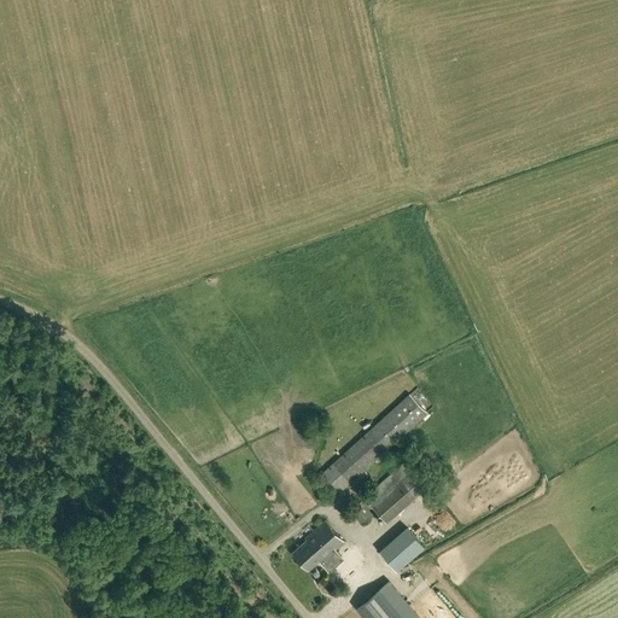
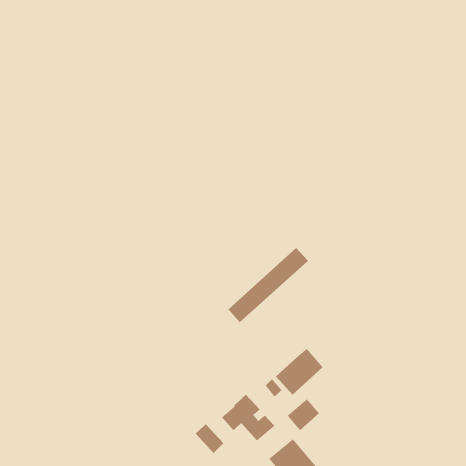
building: [319,396,426,496] -> [228,247,309,323]
building: none -> [195,423,224,454]

